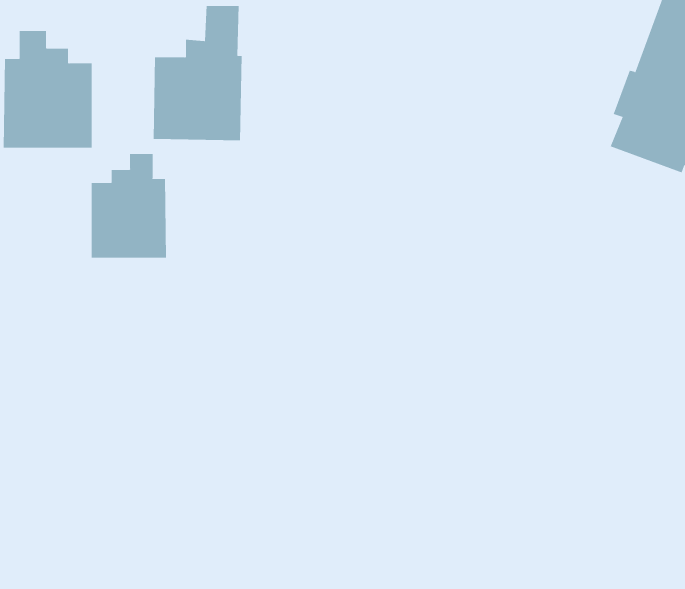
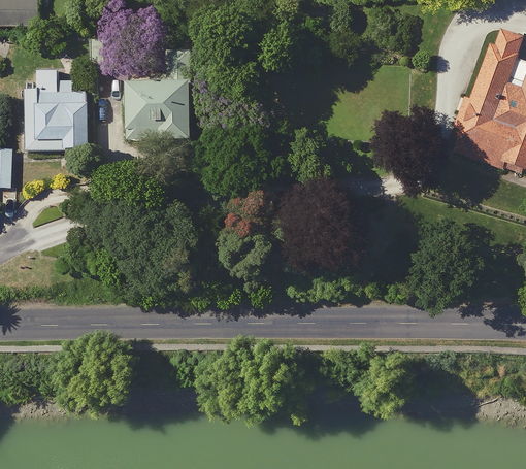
building: [91,153,167,258] -> none

